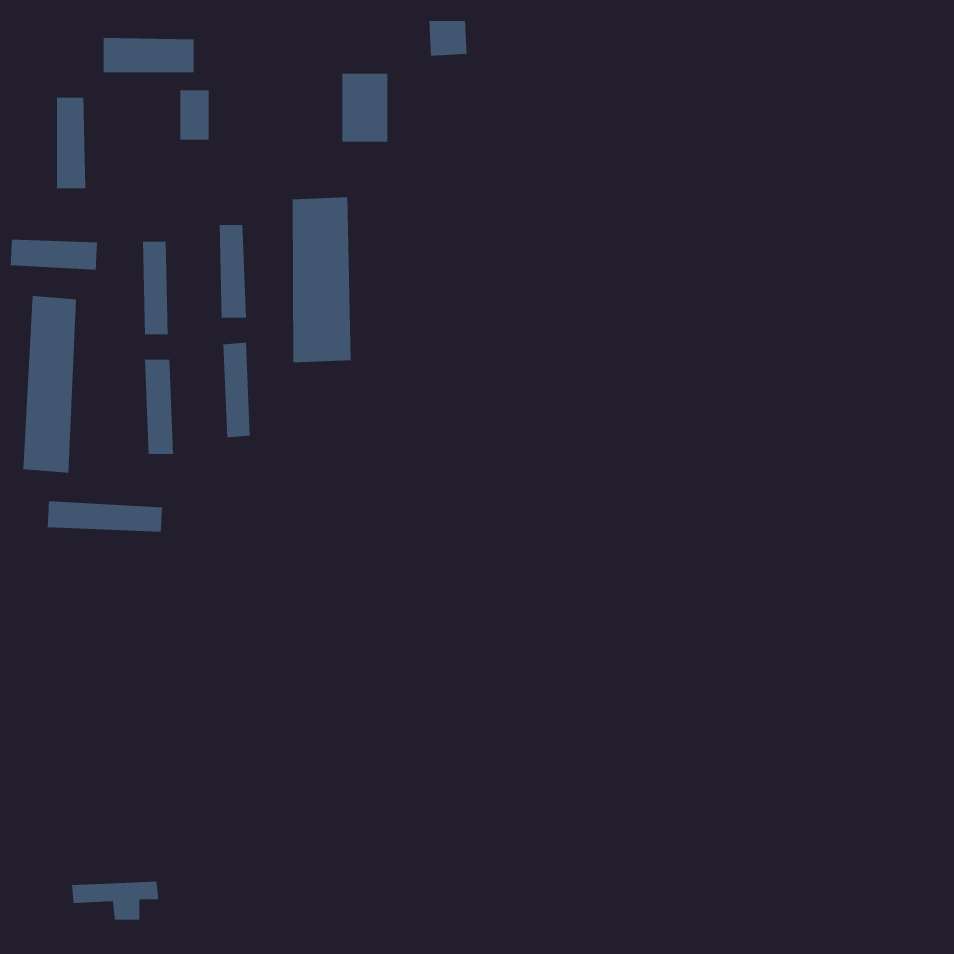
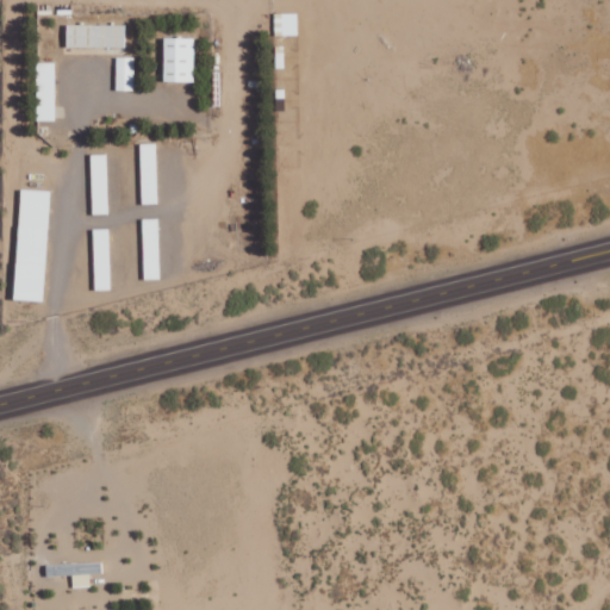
building: [341,73,388,142] -> [163,38,193,82]
building: [292,197,351,363] -> none
building: [10,239,98,270] -> none
building: [47,501,162,533] -> none

